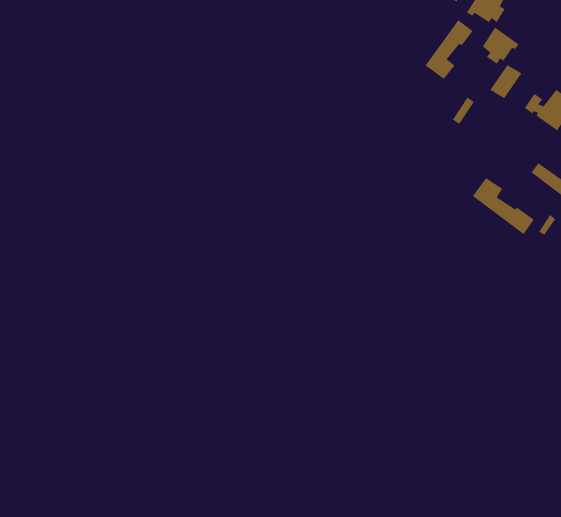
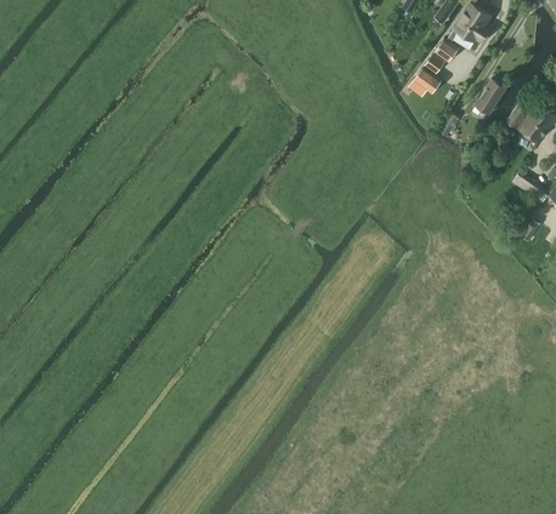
building: [482,27,520,65] -> none
building: [472,177,535,235] -> none

